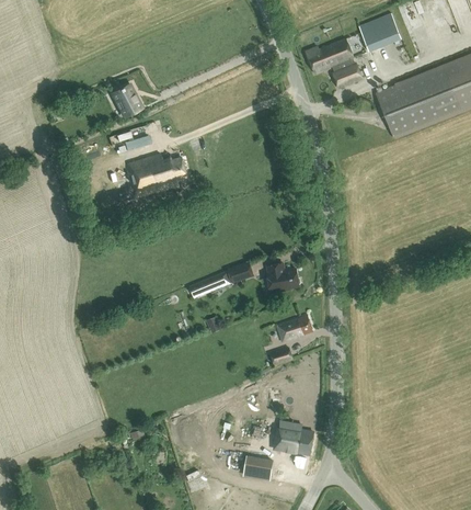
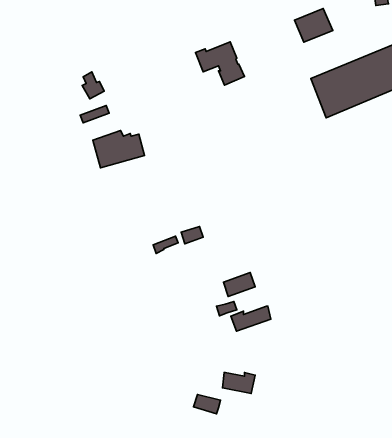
building: [307,38,363,88] -> [196,42,245,85]
building: [268,263,301,292] -> none
building: none -> [231,306,271,331]

